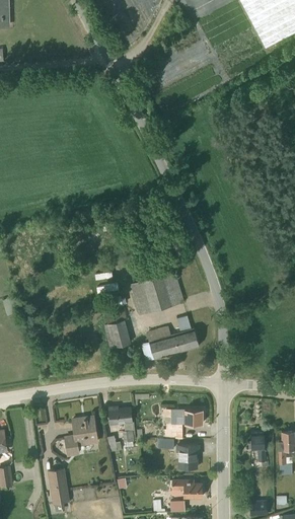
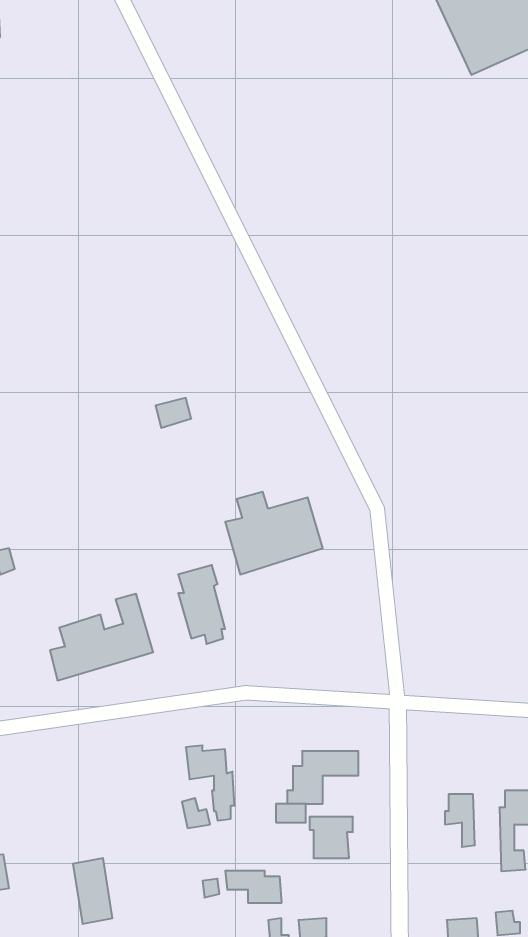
building: [141,314,197,361] -> [50,594,153,680]
building: [64,416,97,455] -> none
building: [171,479,202,497] -> [225,871,282,903]

